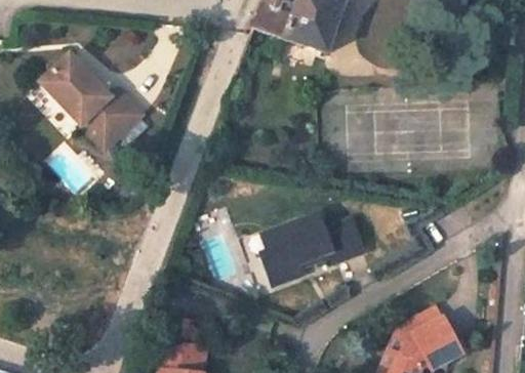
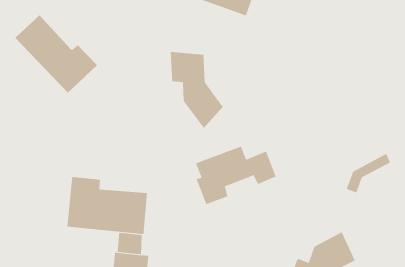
building: none -> [170,51,223,129]
building: none -> [67,176,148,235]
building: [388,306,443,356] -> [346,153,391,193]

